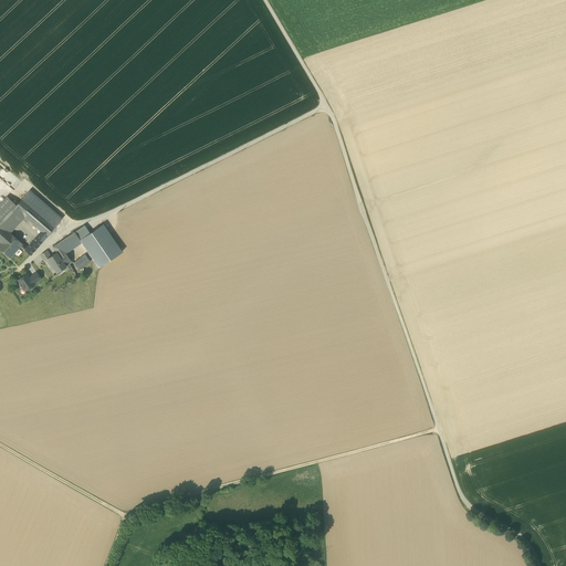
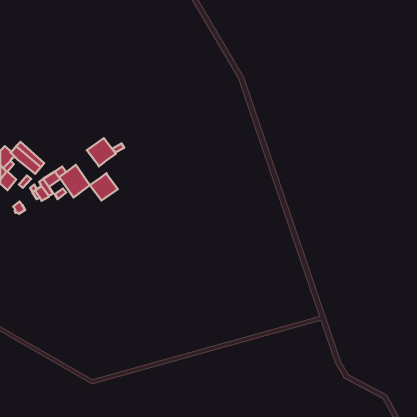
building: none -> [87,138,116,166]
building: none -> [90,173,118,200]

